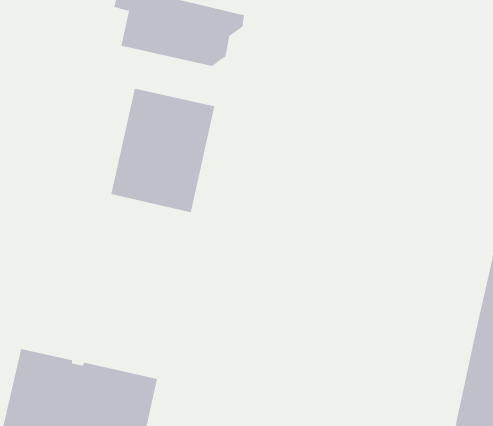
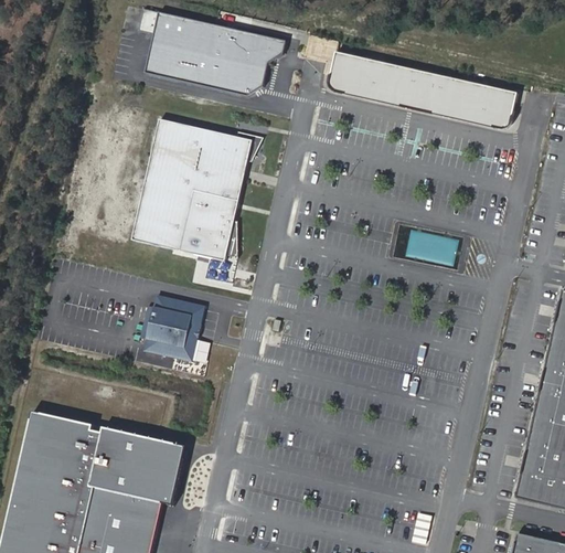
building: none -> [322,46,525,135]
building: none -> [138,294,206,362]

